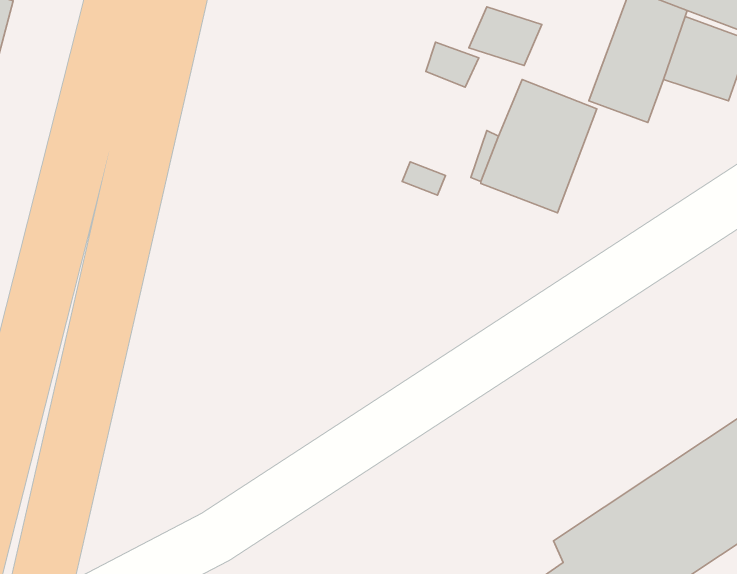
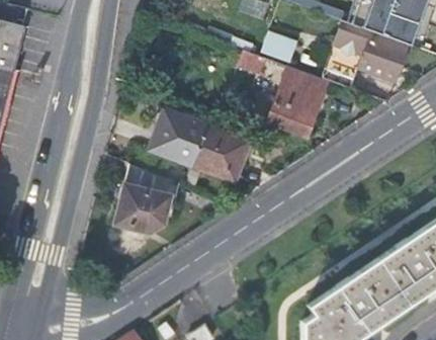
building: none -> [151,112,250,181]
building: none -> [119,165,183,240]

